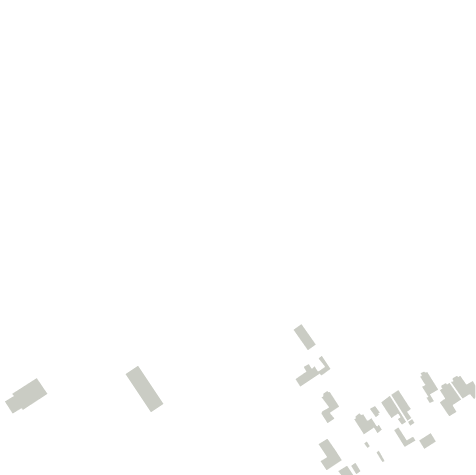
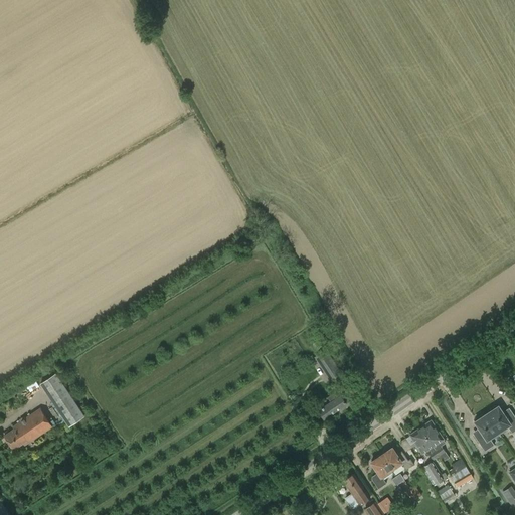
building: [125,365,165,413] -> [41,373,84,425]
building: [419,371,439,404] -> none
building: [321,391,340,424] -> [371,454,392,490]

